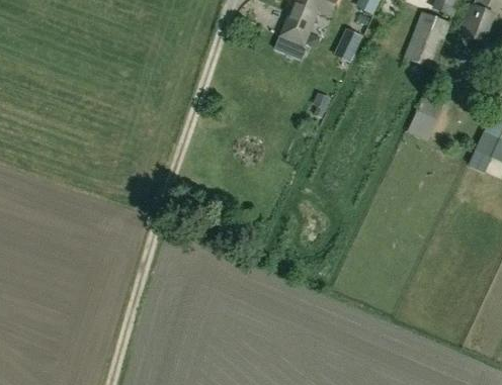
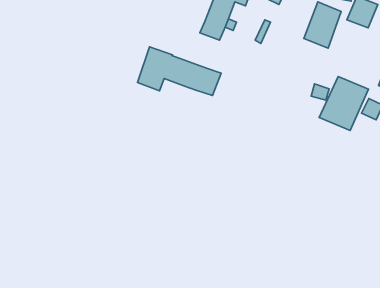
building: none -> [138,47,221,96]
building: none -> [319,77,369,131]

